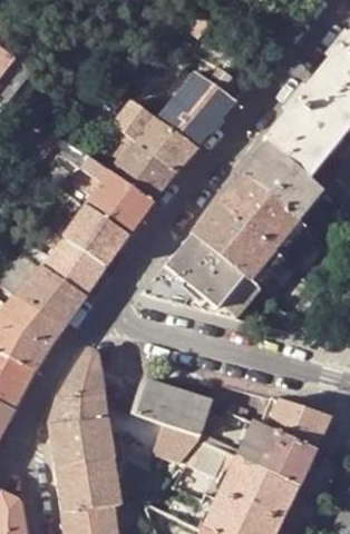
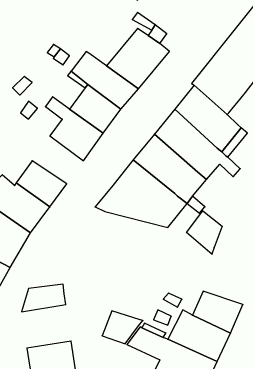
building: [62,205,127,265] -> none
building: none -> [187,211,222,254]
building: [58,348,101,396] -> none
building: [136,379,211,435] -> none
building: [49,416,119,471] -> none

